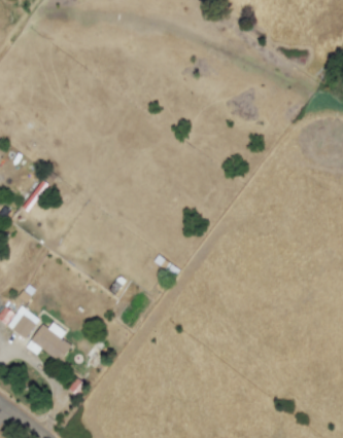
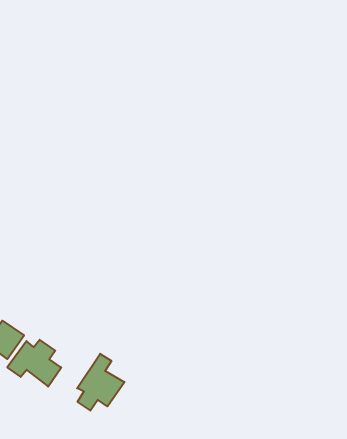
building: none -> [77,354,125,411]

